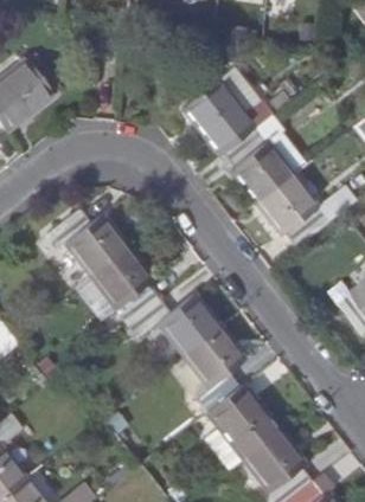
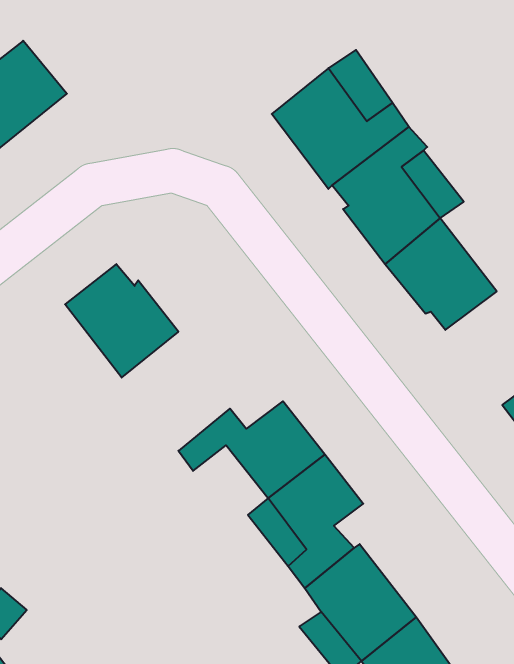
building: [87,246,156,323] -> none

